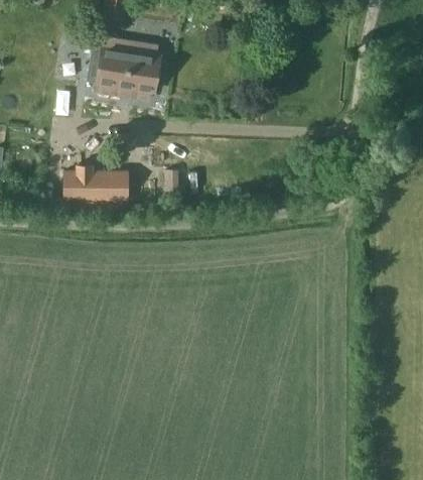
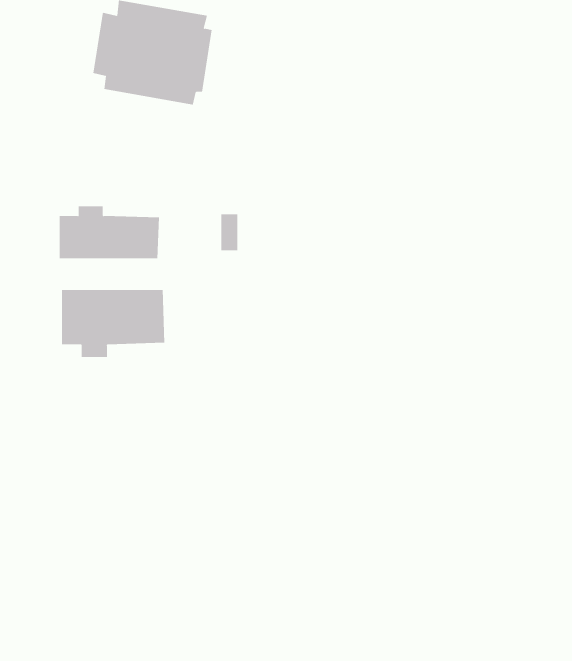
building: none -> [61,289,165,358]

